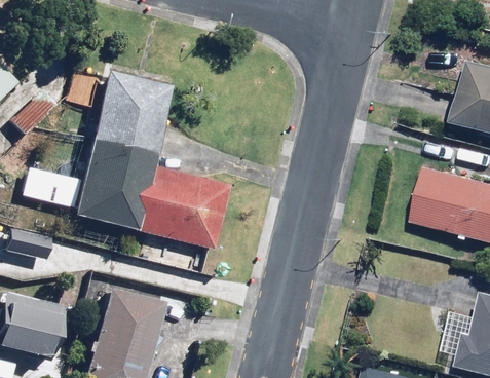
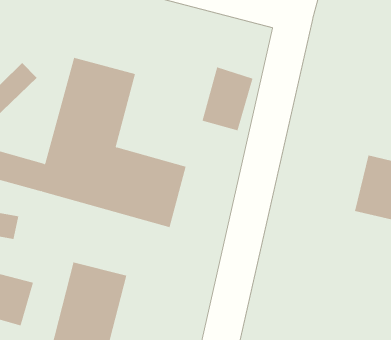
building: none -> [202,67,253,131]

